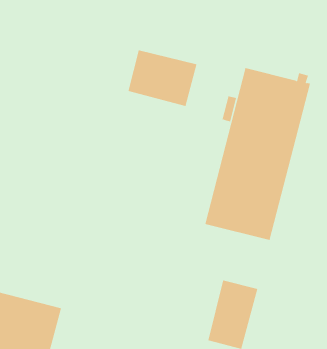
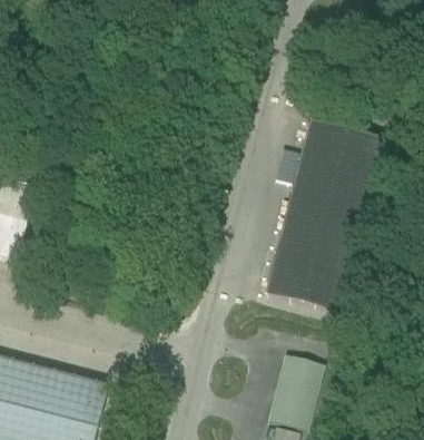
building: [128,49,197,107] -> none

